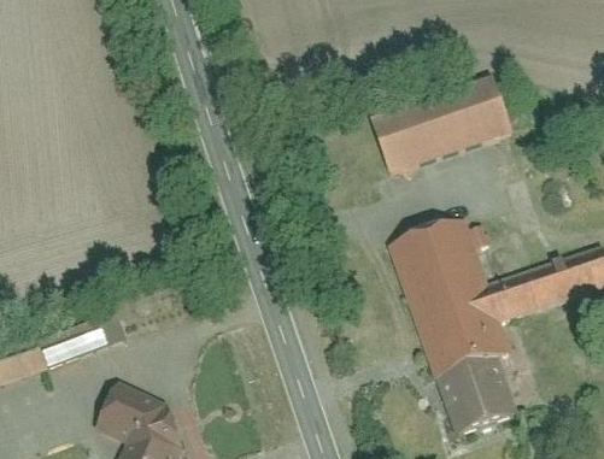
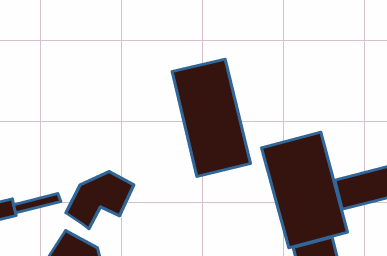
building: [368,73,515,173] -> none
building: none -> [172,59,250,176]
building: none -> [66,172,134,229]

